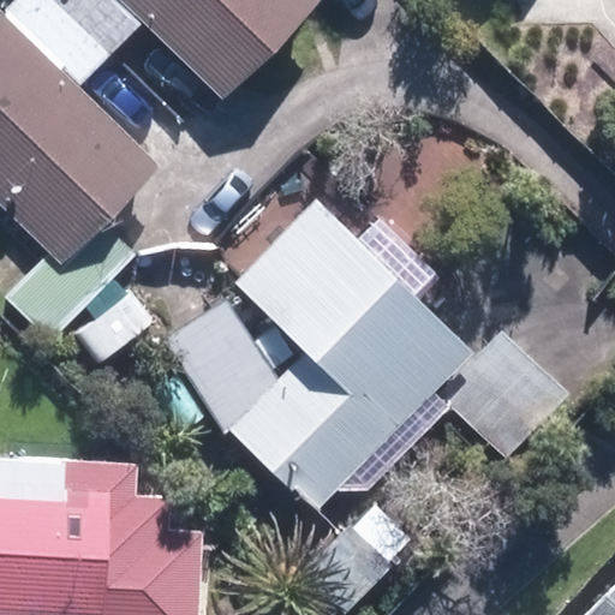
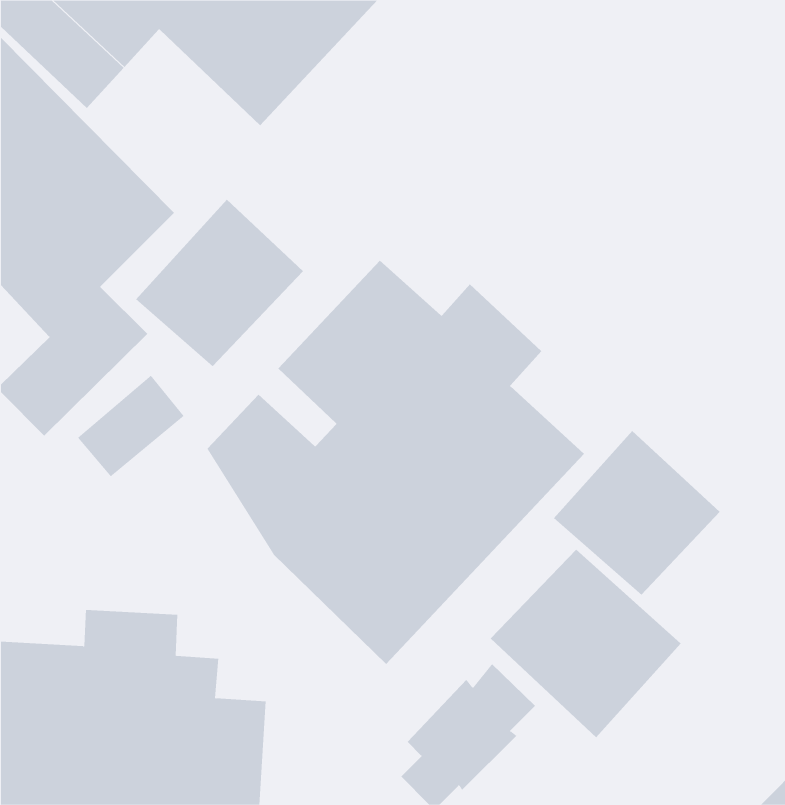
building: none -> [135,199,304,367]
building: none -> [490,549,681,738]

